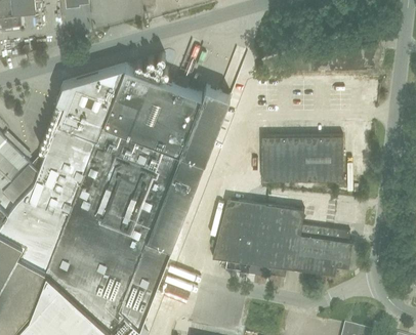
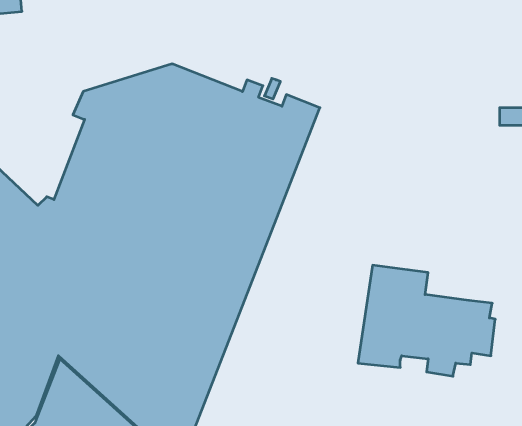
building: [262,137,344,182] -> none
building: [213,201,266,275] -> none

